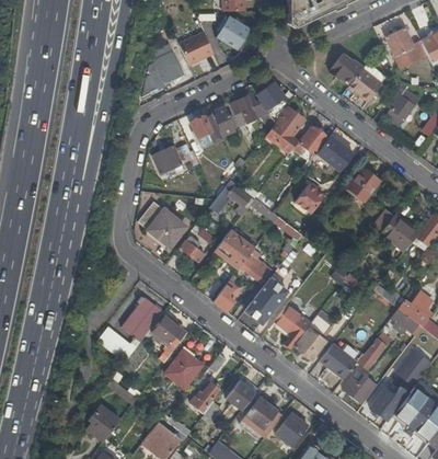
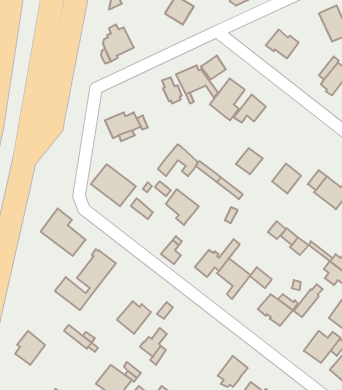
building: [178,32,212,65] -> none
building: [348,69,384,105] -> none
building: [191,115,222,142] -> none
building: [316,135,353,170] -> none
building: [348,168,380,200] -> [272,164,301,194]
building: none -> [41,208,86,256]
building: [240,253,272,283] -> none
building: [151,314,186,362] -> none
building: [295,329,326,359] -> none
building: [343,372,383,403] -> none
building: [226,379,257,410] -> none
building: [245,398,281,433] -> none
building: [87,403,119,440] -> [15,331,45,365]

